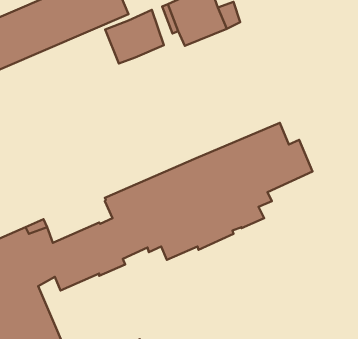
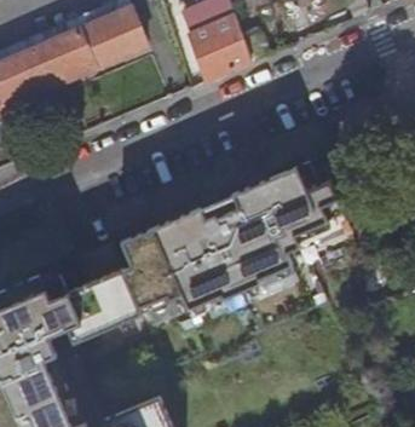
building: [105,10,164,64] -> none

